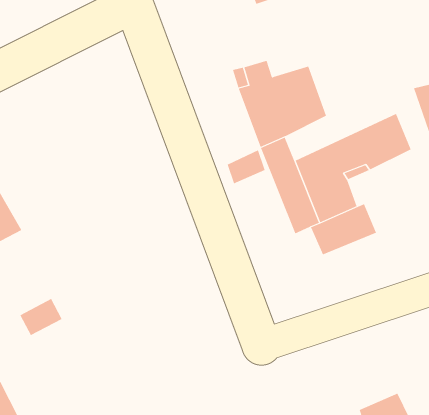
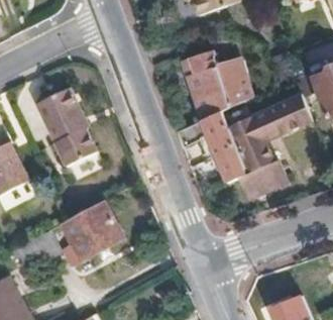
building: none -> [35,88,97,167]
building: none -> [63,200,122,258]

